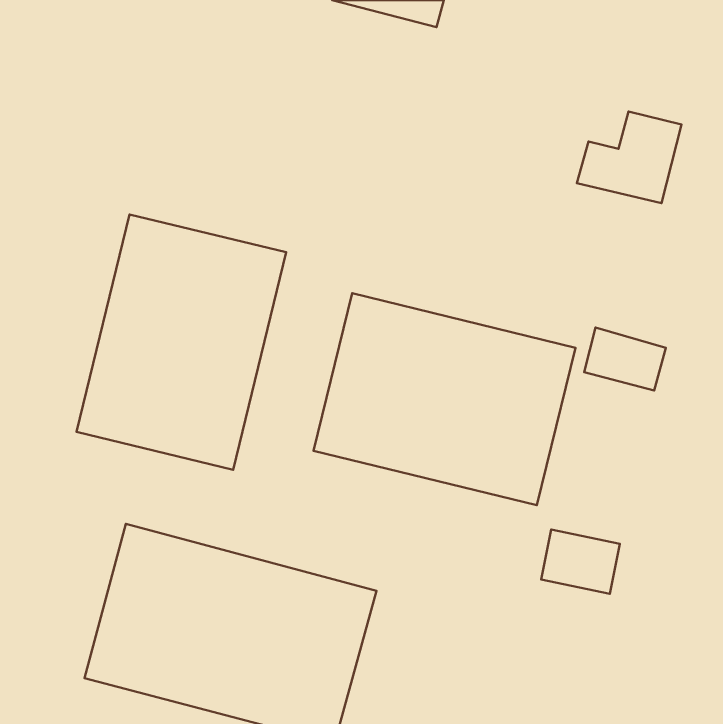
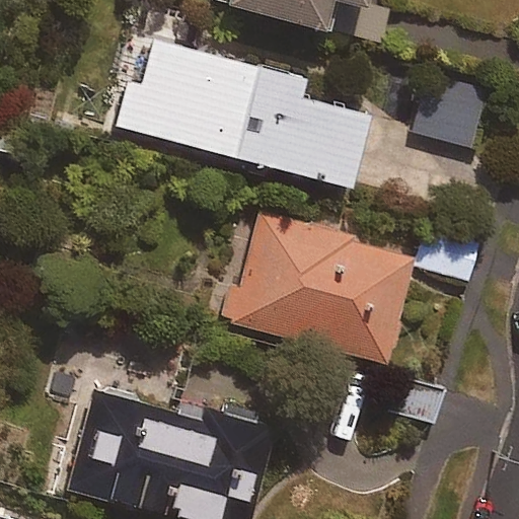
building: none -> [118,40,365,184]
building: [77,214,286,470] -> none

